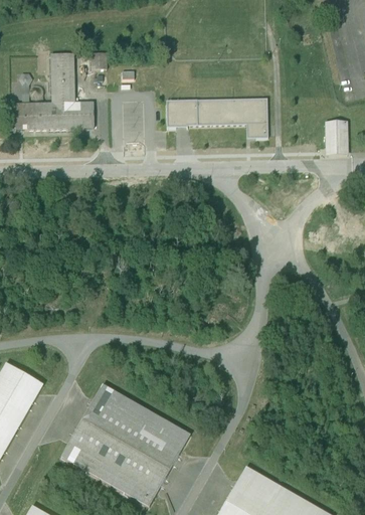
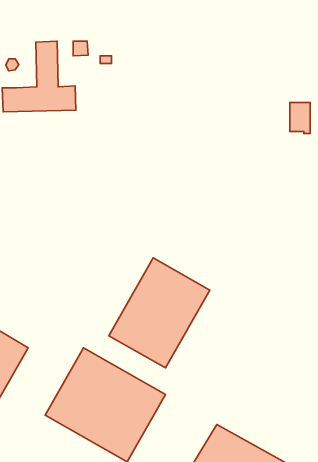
building: [166,96,268,137] -> none
building: none -> [109,258,210,368]

